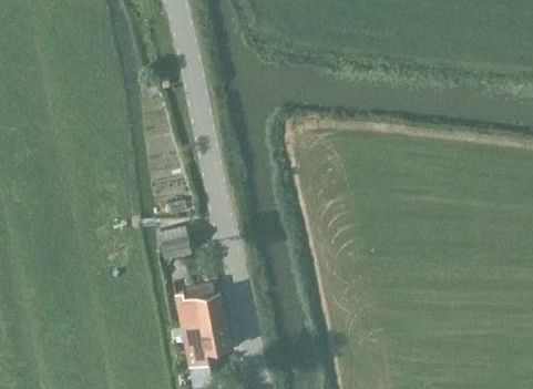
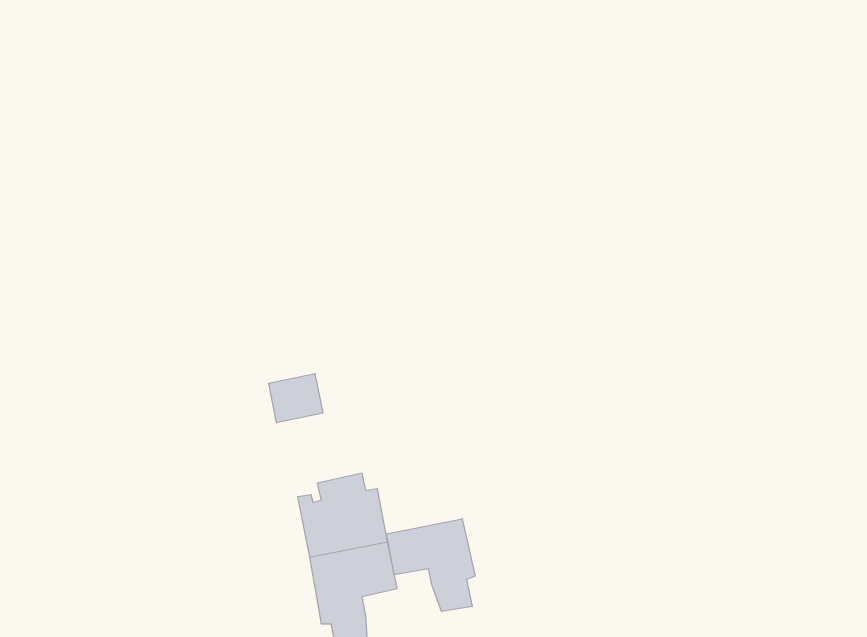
building: none -> [386,519,475,611]

